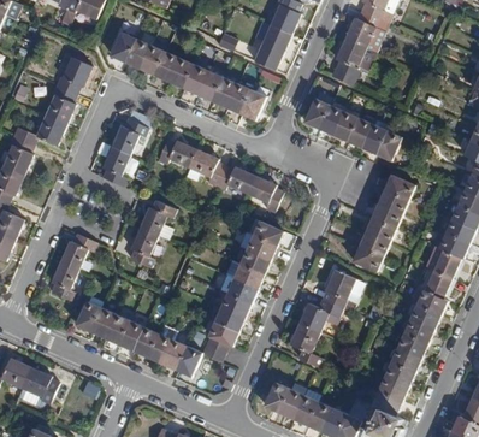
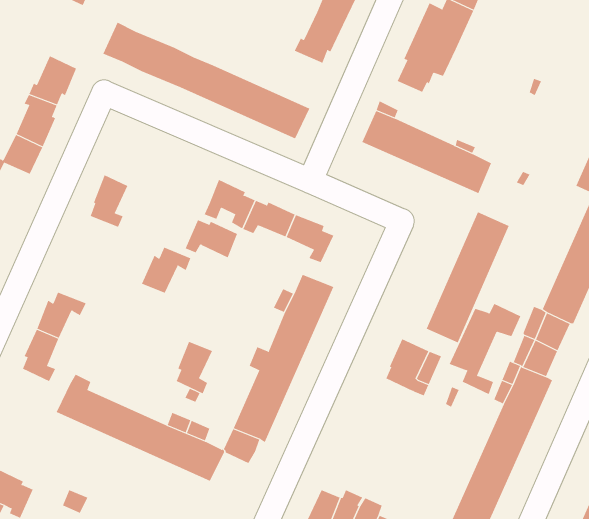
building: [111,118,148,154] -> none
building: [156,138,196,167] -> [185,219,238,258]
building: [129,228,156,267] -> [176,341,213,394]
building: [288,299,342,367] -> [449,303,521,395]

